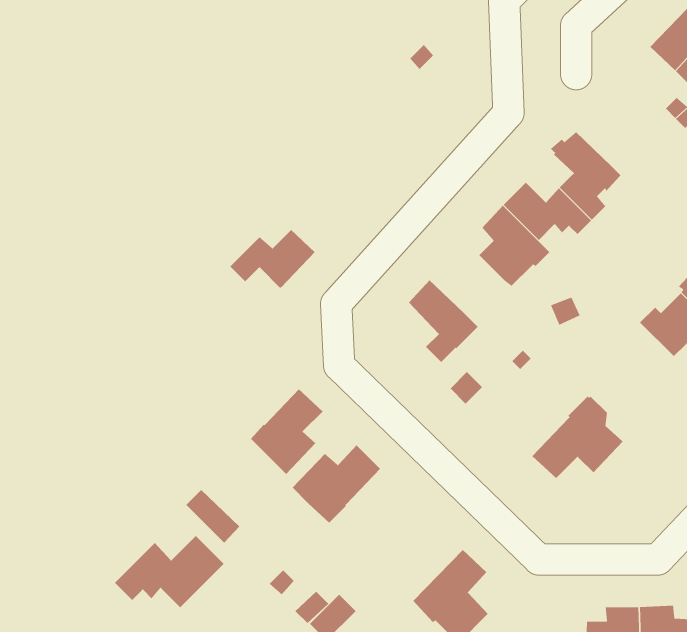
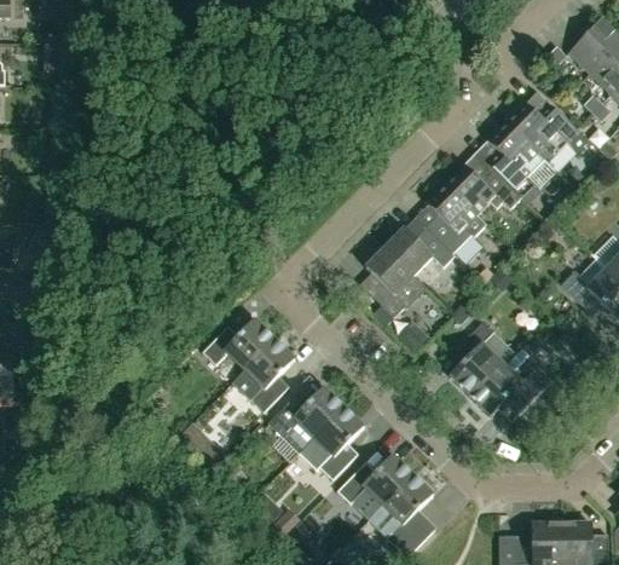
building: none -> [508,102,586,162]
building: [229,229,316,288] -> [202,321,274,370]
building: none -> [384,227,455,276]
building: none -> [450,322,513,397]
building: none -> [314,408,364,480]
building: none -> [337,455,412,519]
building: [114,535,225,608] -> none

